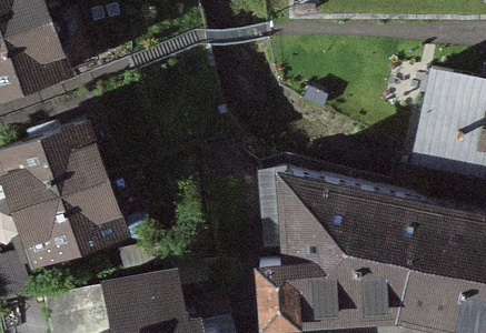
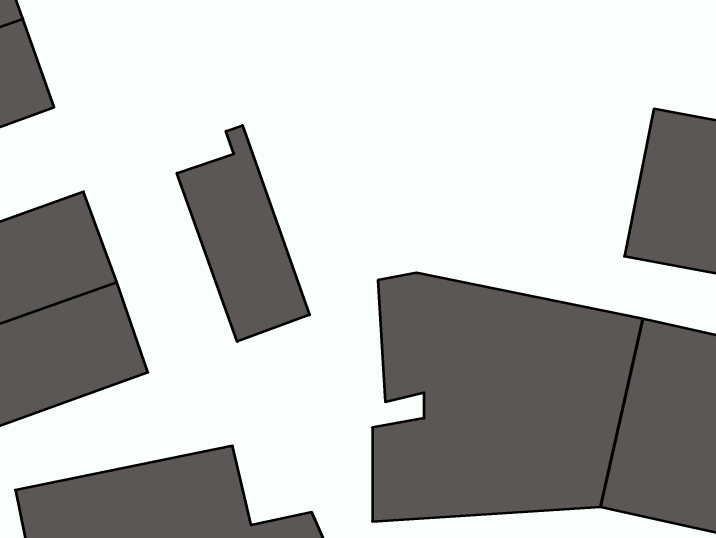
building: none -> [177,125,310,342]

